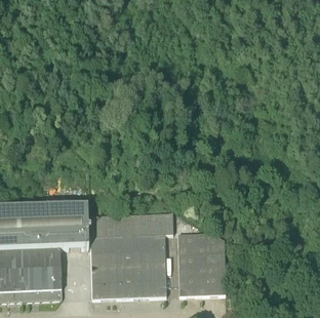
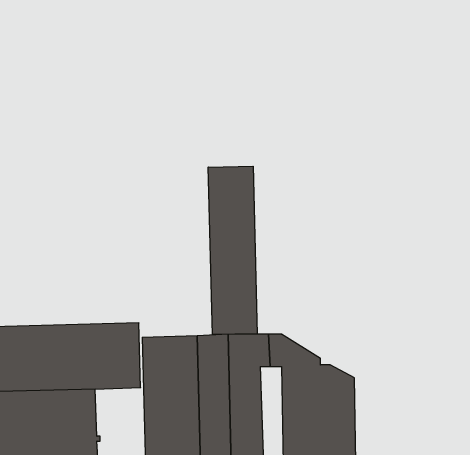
building: none -> [208,166,257,334]

